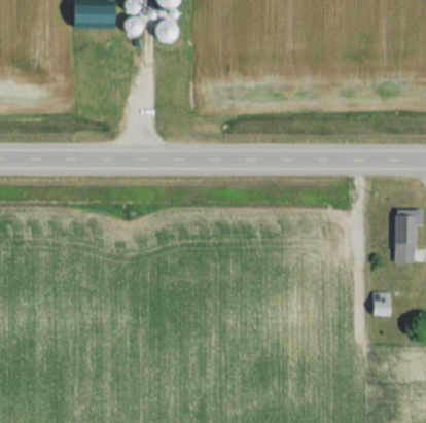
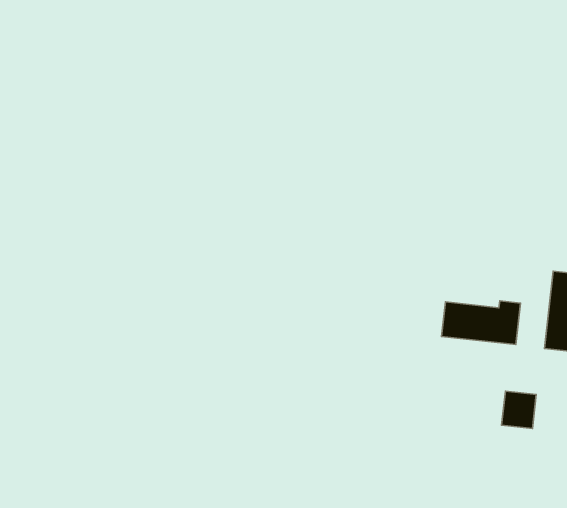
building: none -> [442,301,521,345]

